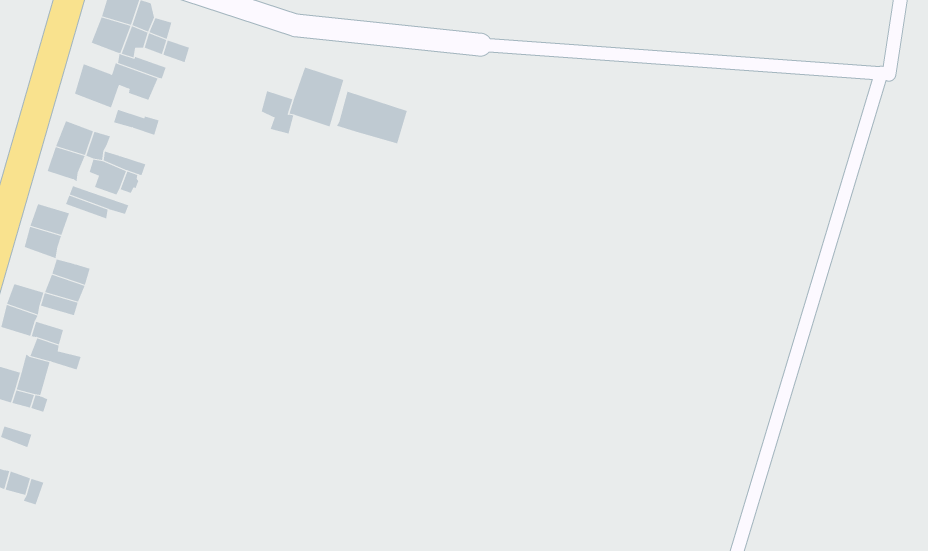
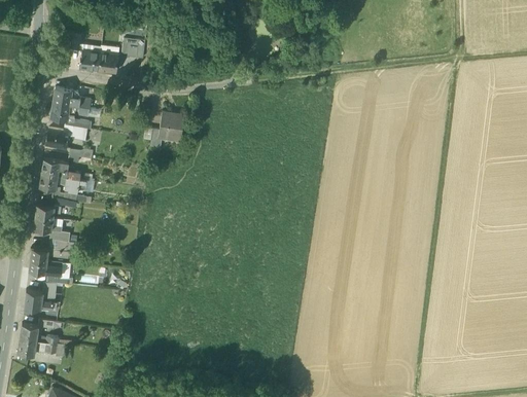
building: [336,91,408,144] -> none

